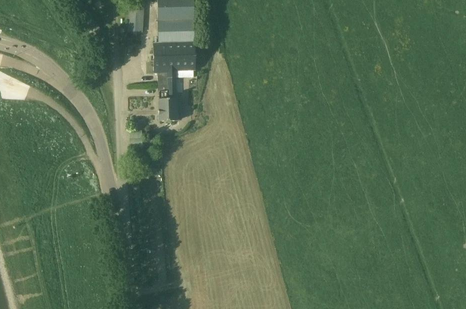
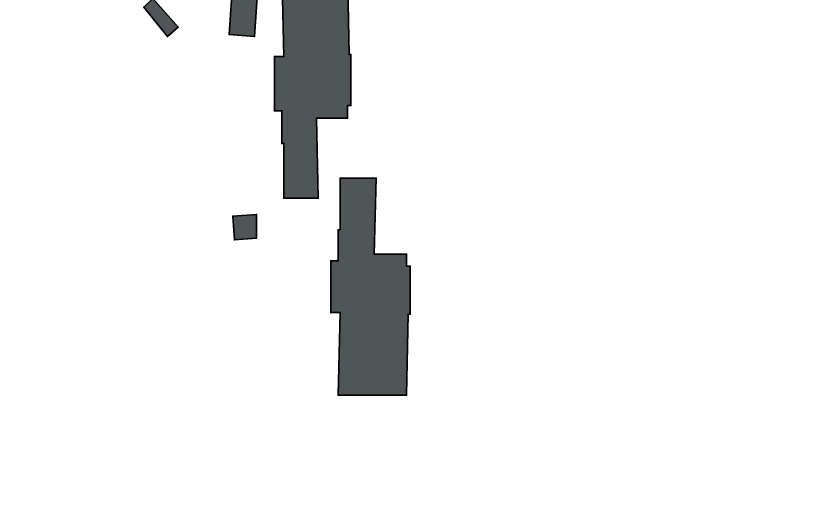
building: none -> [331,178,410,395]

